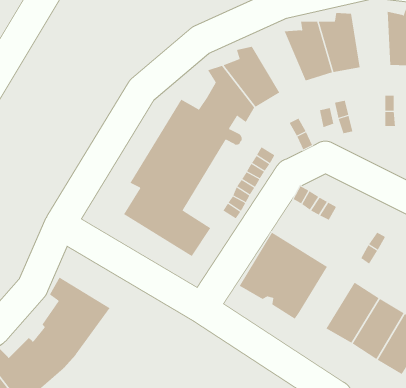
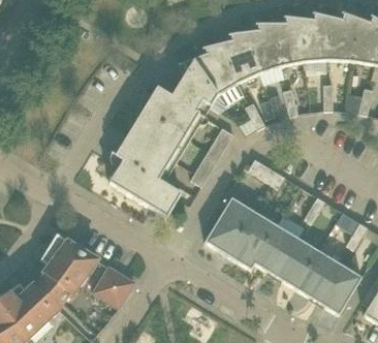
building: none -> [296,11,327,61]
building: none -> [215,31,258,82]
building: none -> [254,225,298,276]
building: none -> [92,266,134,308]

